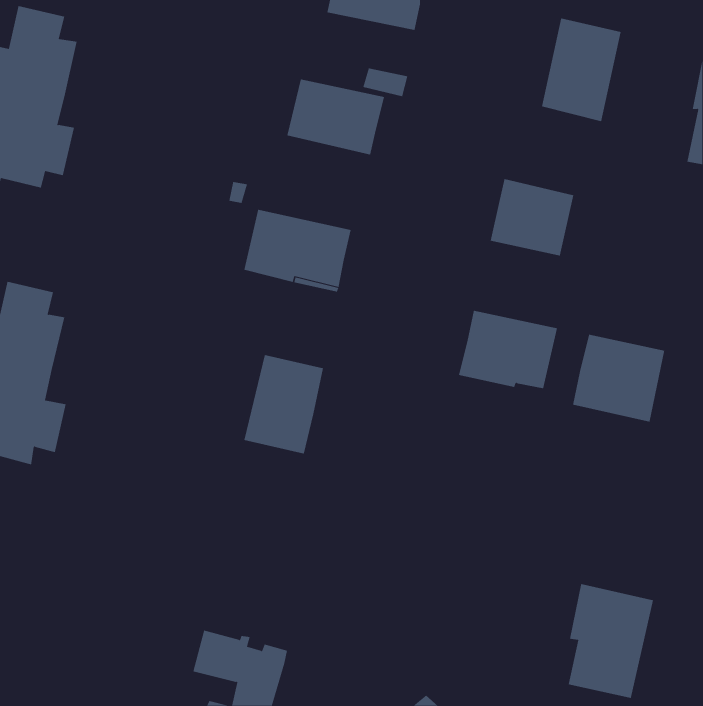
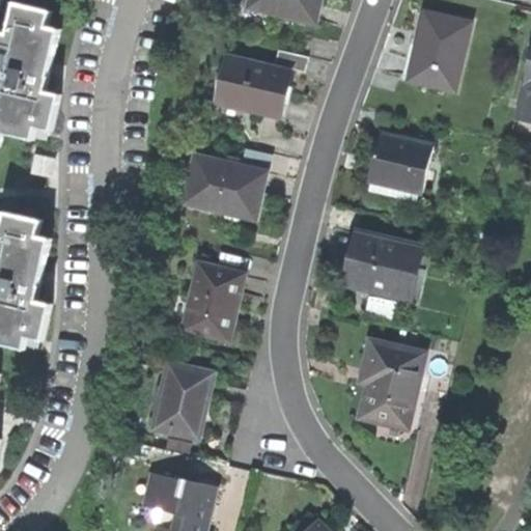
building: [573,334,665,422] -> none
building: none -> [153,364,212,438]
building: [568,584,654,698] -> [359,342,423,428]

